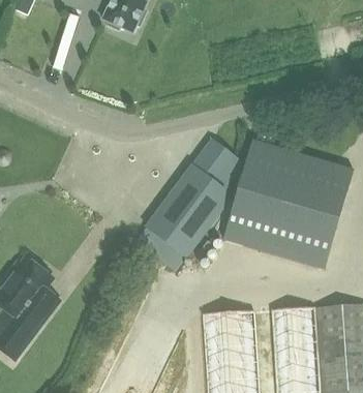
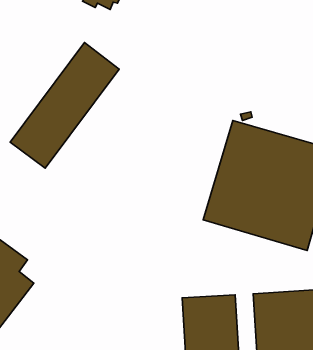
building: none -> [10,43,119,168]
building: [135,139,244,270] -> none

